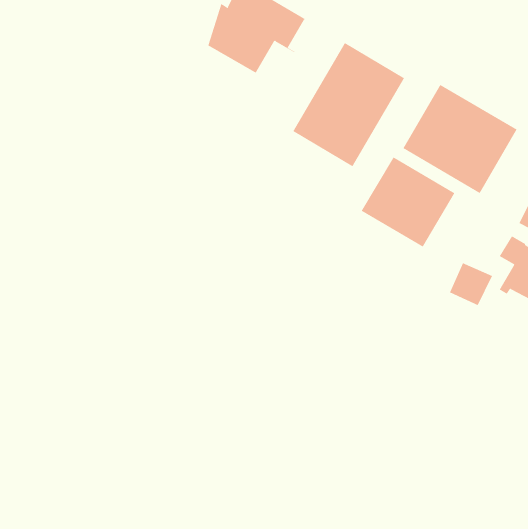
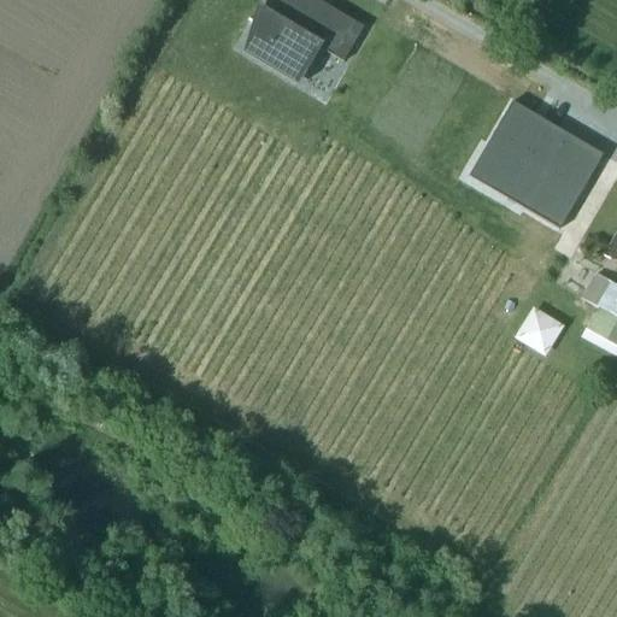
building: [293,42,405,167] -> none
building: [361,157,455,247] -> none

